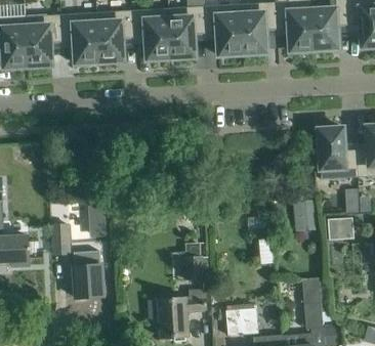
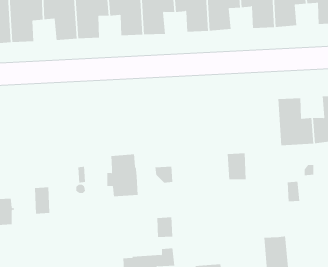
building: [293,200,315,229] -> [227,153,246,180]
building: [68,251,102,298] -> [107,154,139,197]

